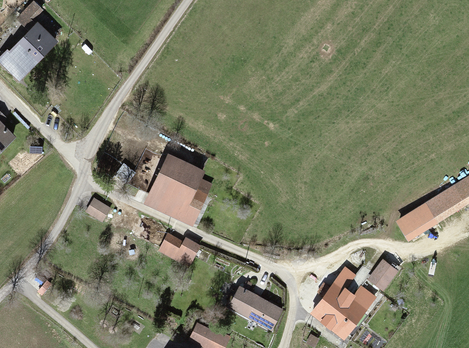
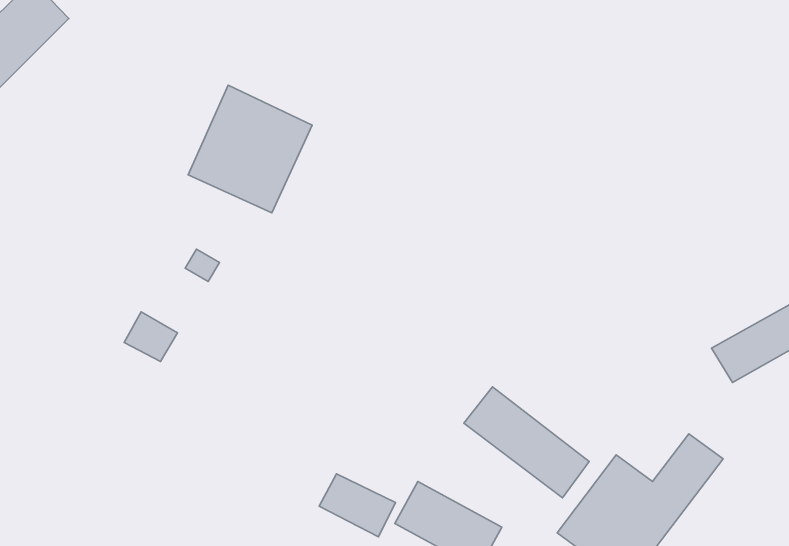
building: [148,157,213,224] -> [188,85,312,213]
building: [160,234,200,267] -> [319,474,396,537]
building: none -> [464,387,589,498]

